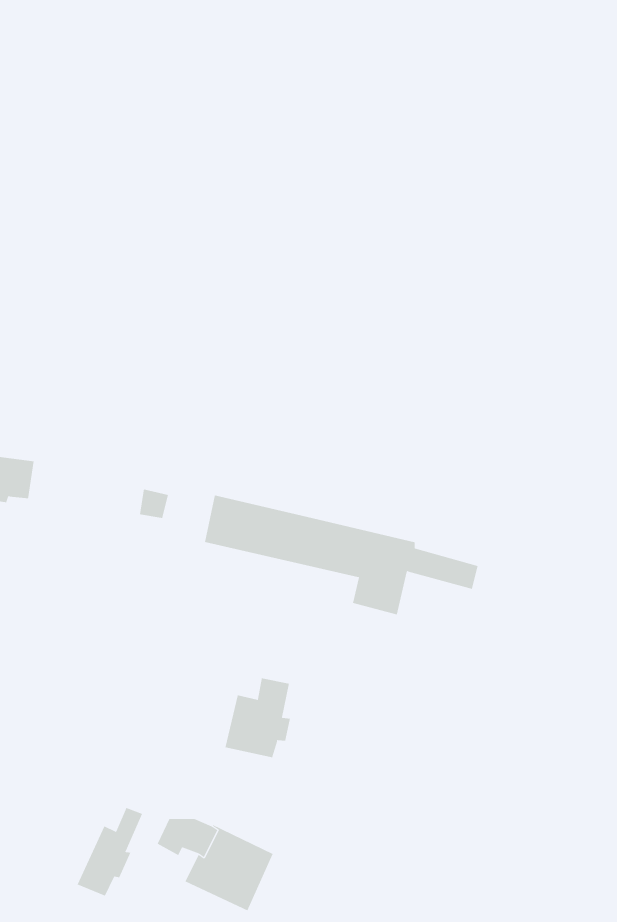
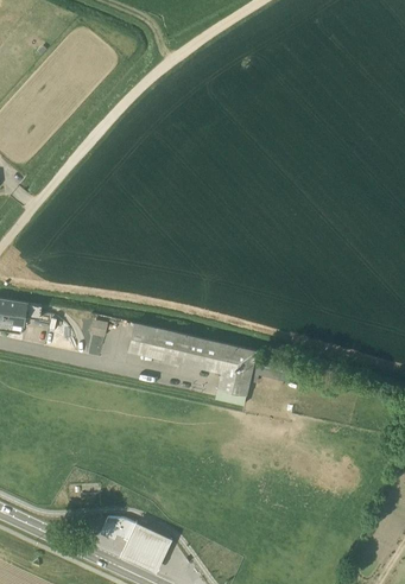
building: [225,678,290,758] -> none
building: [77,807,143,897] -> none

